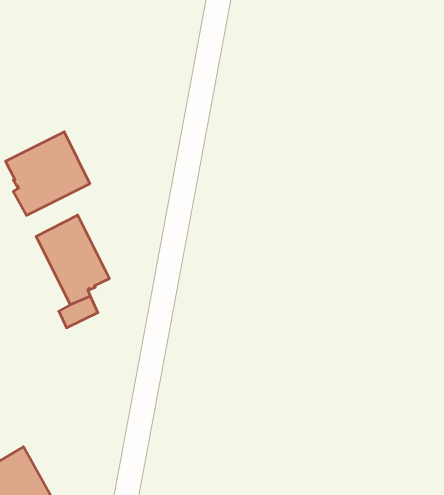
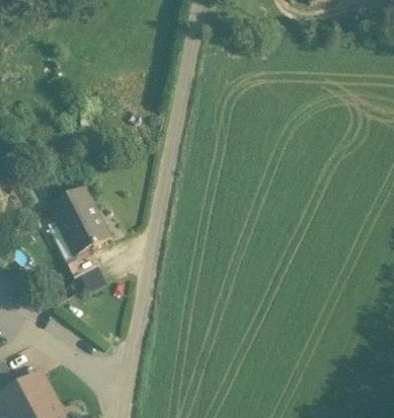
building: [6,132,90,215] -> none

